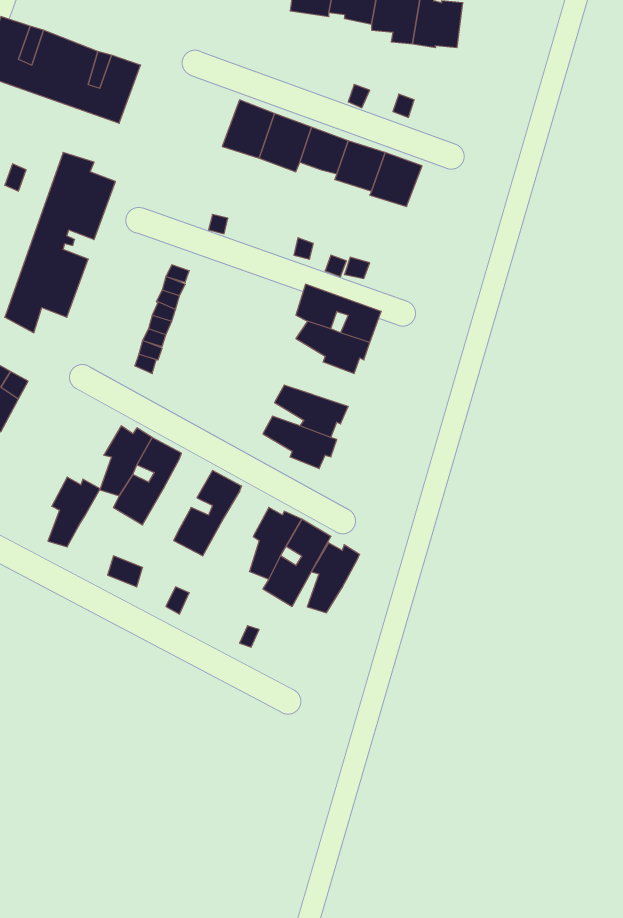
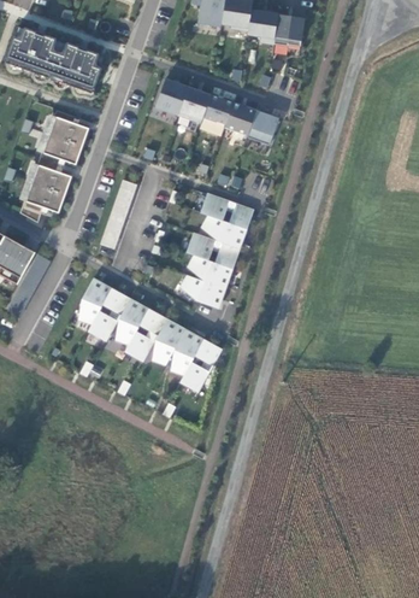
building: none -> [185,231,240,268]
building: [48,477,100,547] -> [116,300,148,344]
building: [307,543,360,613] -> [152,321,184,364]

